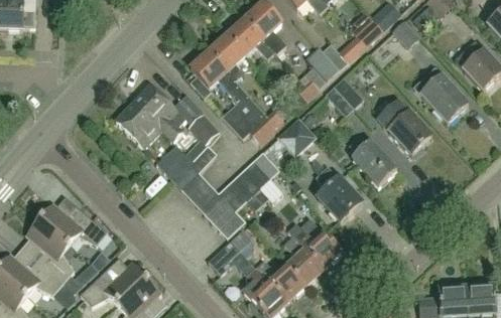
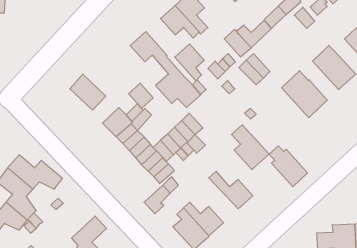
building: [209,33,245,78] -> [175,44,204,81]
building: [131,84,184,136] -> none
building: [276,118,316,156] -> none
building: [349,135,396,185] -> [269,146,308,187]
building: [283,235,323,285] -> none
building: [80,261,146,305] -> none

